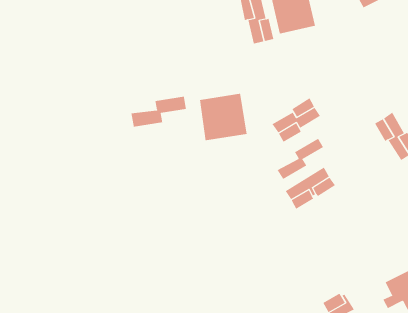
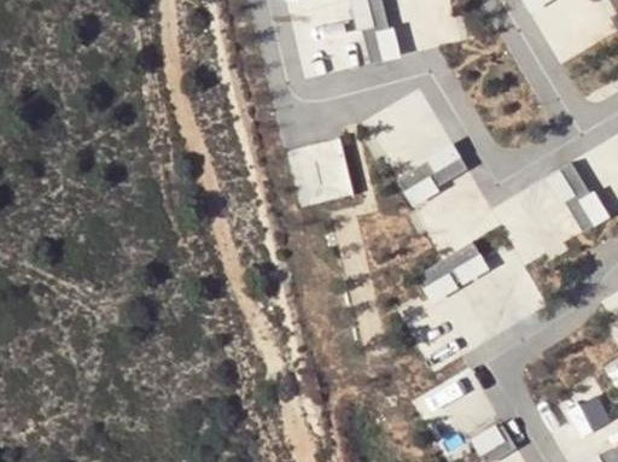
building: [131,96,186,127] -> none
building: [277,138,324,180] -> none

